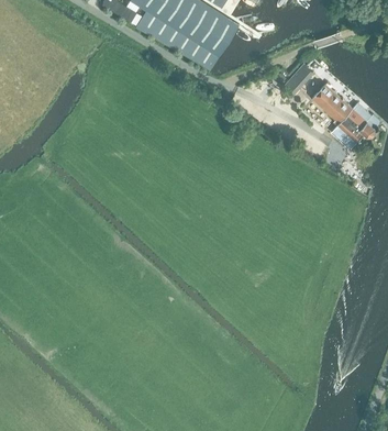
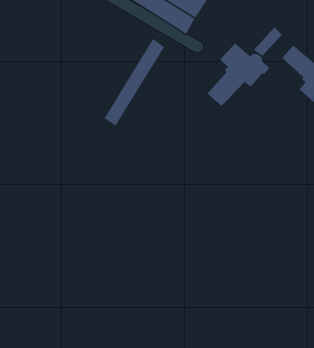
building: none -> [104,38,165,126]
building: none -> [206,42,270,107]

